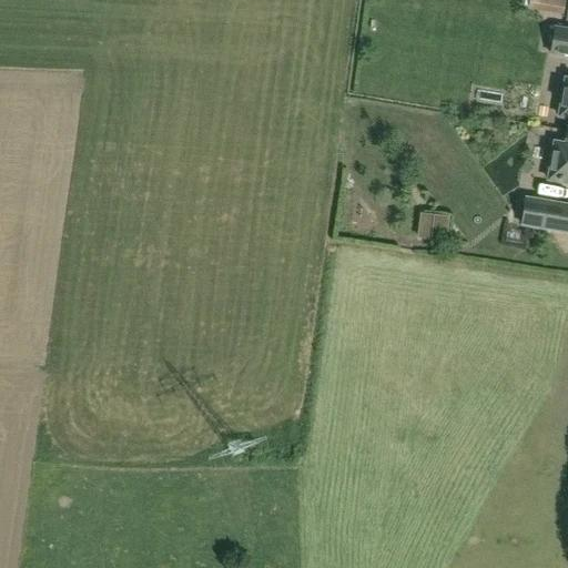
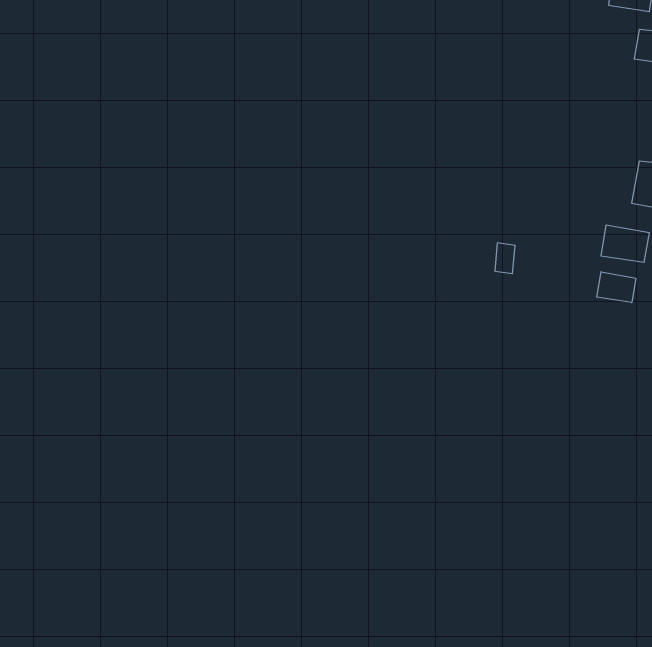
building: none -> [597,272,636,303]

